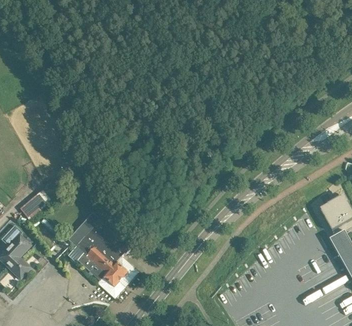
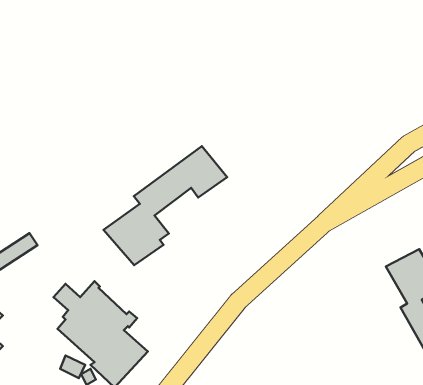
building: none -> [104,146,227,265]

